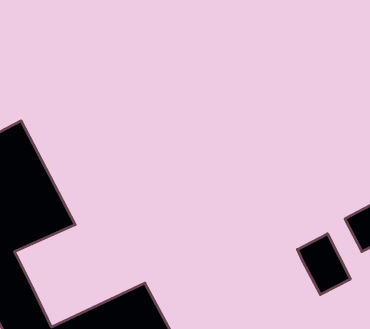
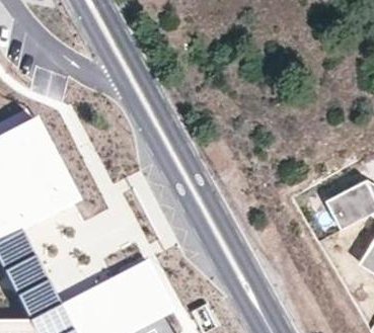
building: [297,234,350,295] -> none

